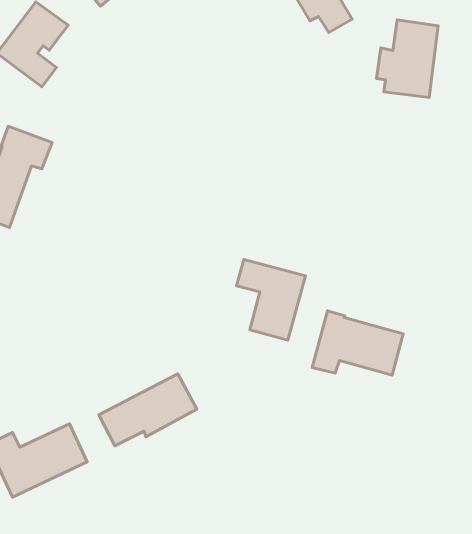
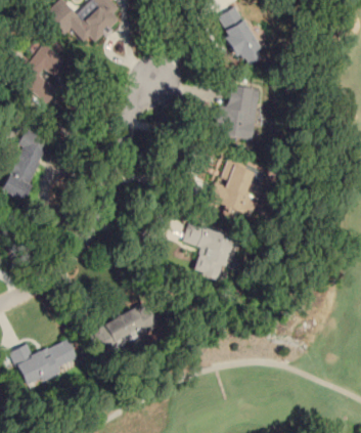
building: [377,20,438,98] -> [216,85,259,139]
building: none -> [209,161,264,210]
building: [312,311,403,375] -> none

